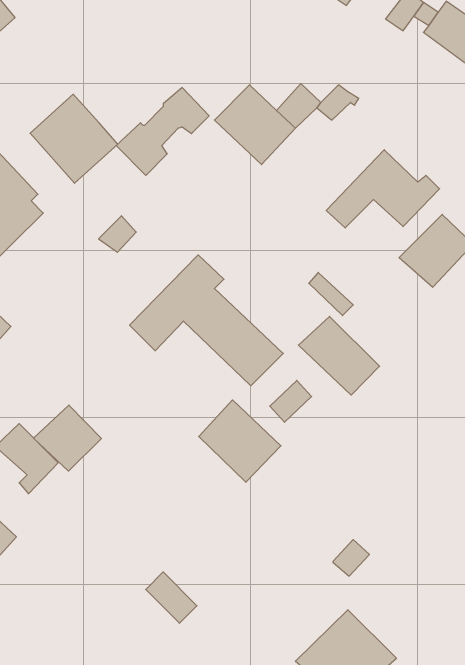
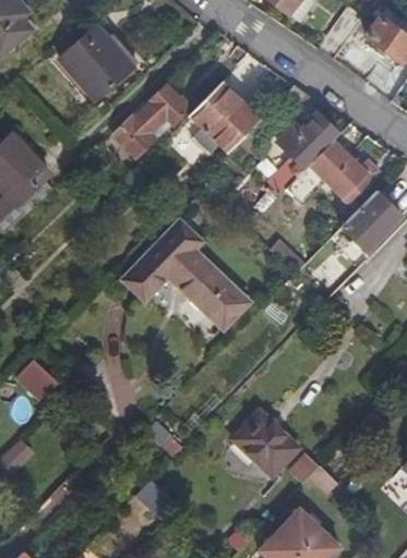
building: [30,94,118,183] -> [62,25,133,97]
building: none -> [270,117,337,190]
building: [298,316,380,395] -> none
building: [199,400,281,482] -> [232,411,299,477]
building: [34,405,101,471] -> none

